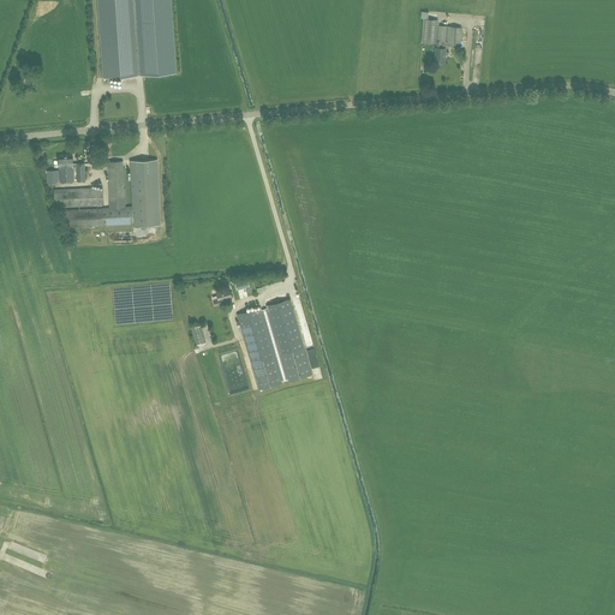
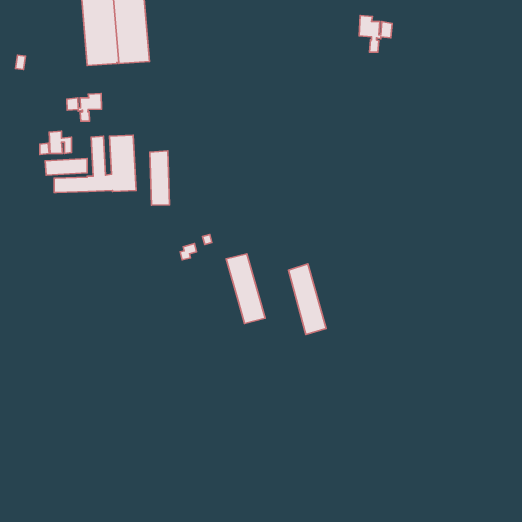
building: none -> [67,94,101,121]
building: none -> [150,151,170,205]
building: [237,306,281,389] -> [288,264,326,335]

